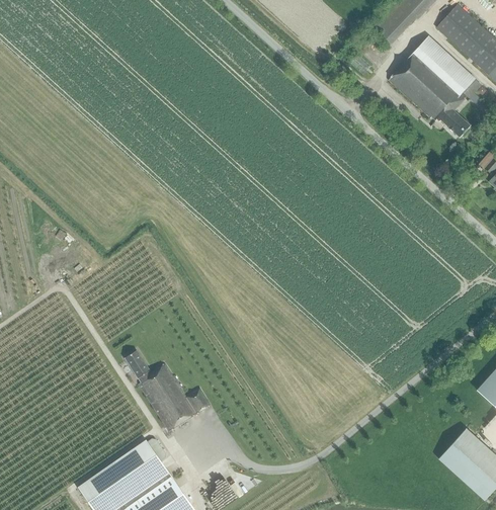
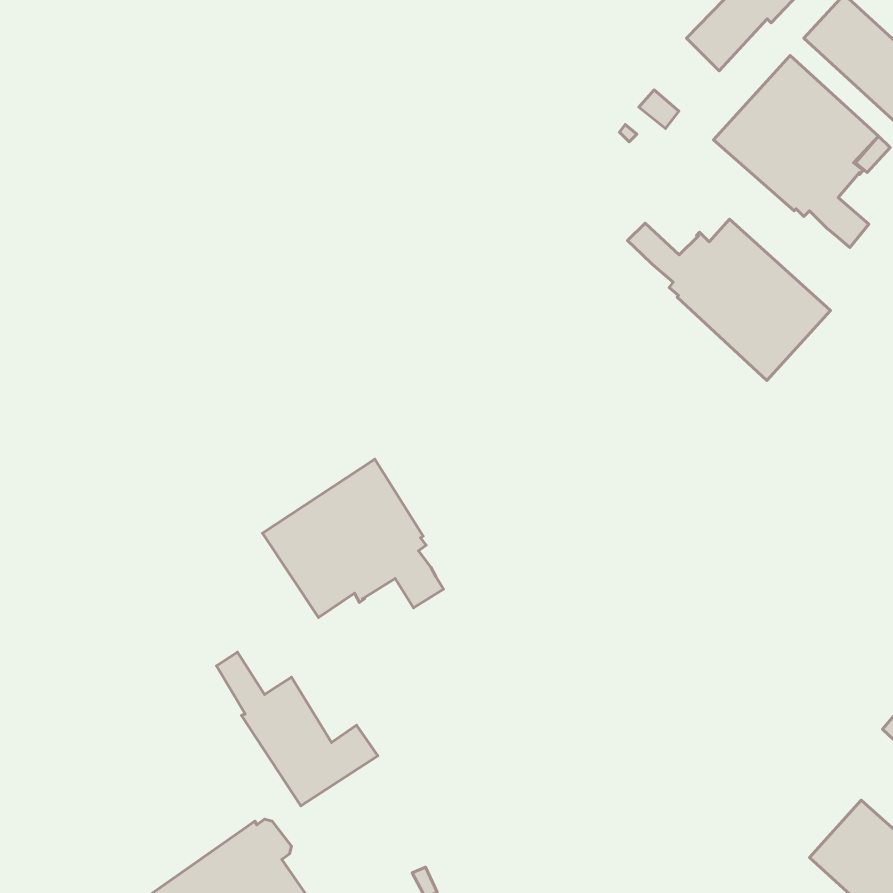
building: none -> [628,219,830,381]
building: none -> [263,459,444,617]

